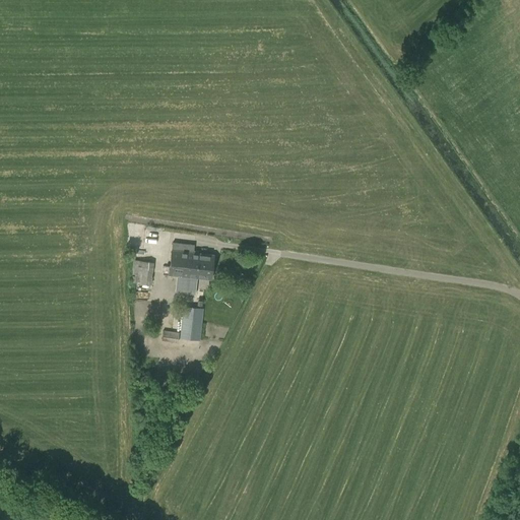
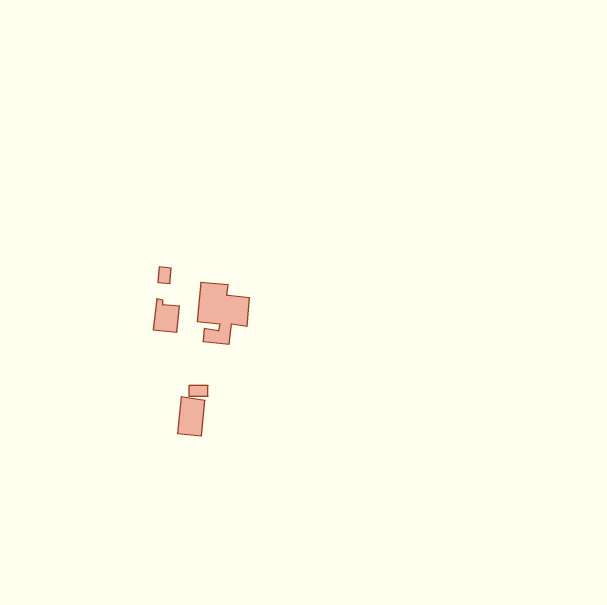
building: [180,307,203,340] -> [178,397,205,436]

